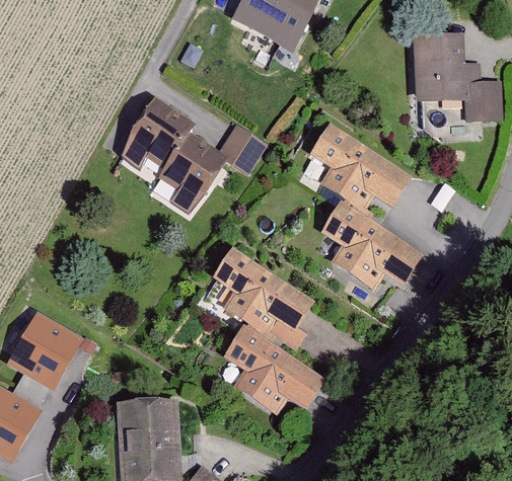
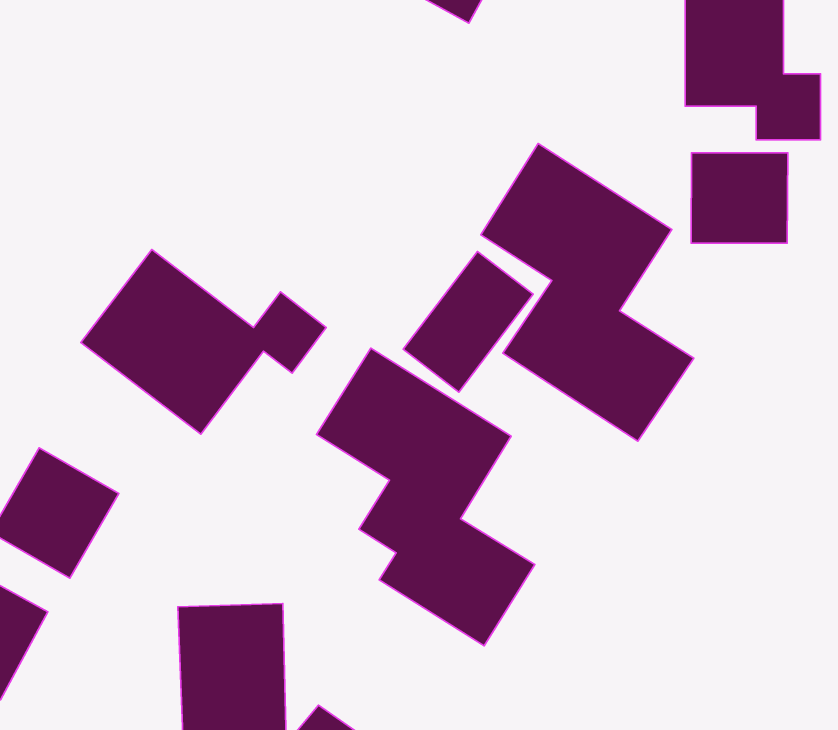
building: [117,102,264,213] -> [81,250,326,434]
building: none -> [691,153,788,243]
building: none -> [403,251,533,392]

